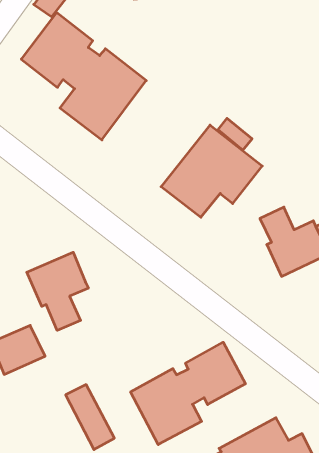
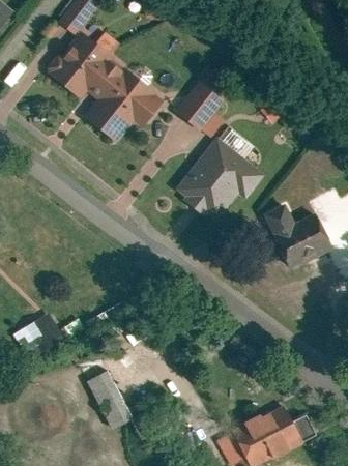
building: none -> [176,78,225,129]
building: [27,252,88,330] -> none
building: [131,342,245,445] -> none

